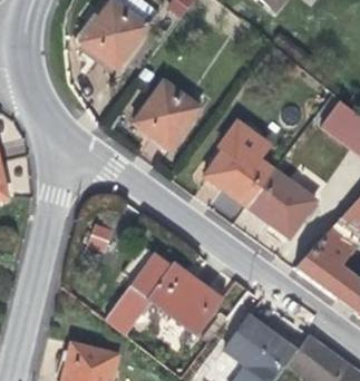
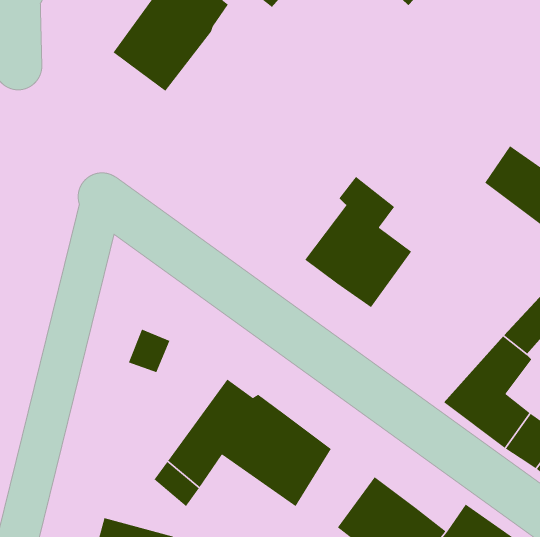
building: [130,80,198,149] -> none
building: [247,170,317,237] -> none

